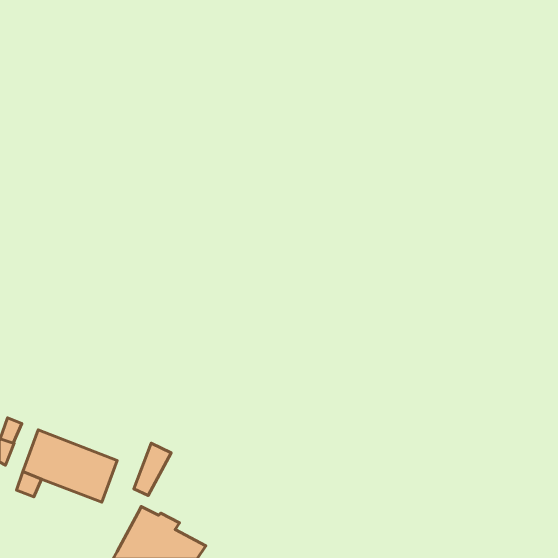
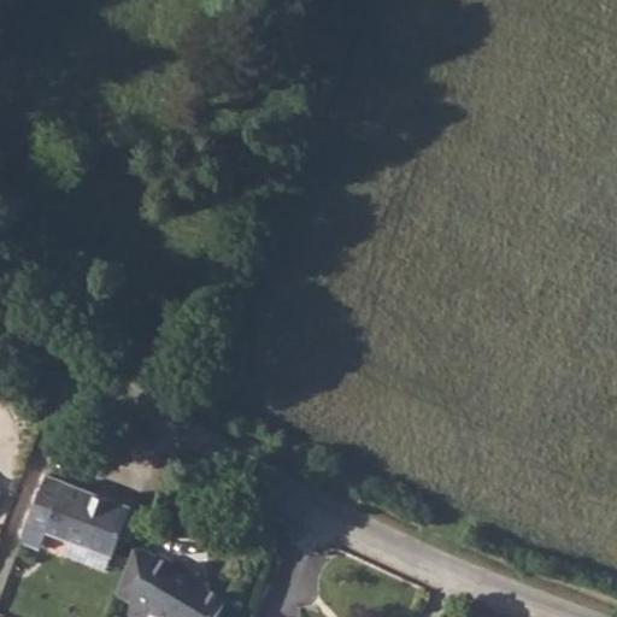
building: [134,443,171,496] -> [113,551,154,609]

